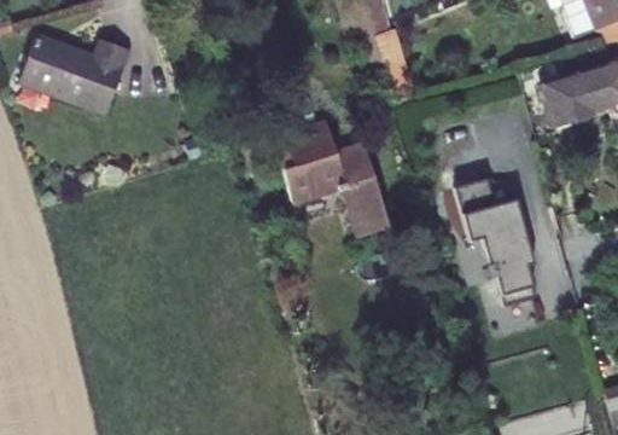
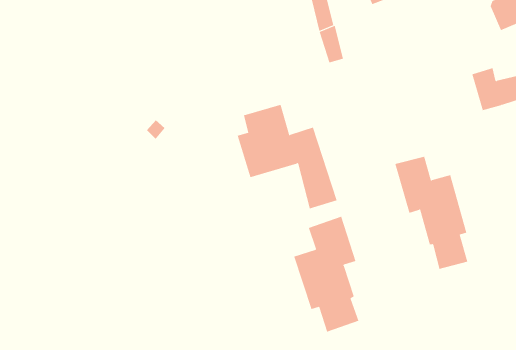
building: [19,36,132,112] -> none
building: none -> [294,216,359,332]

